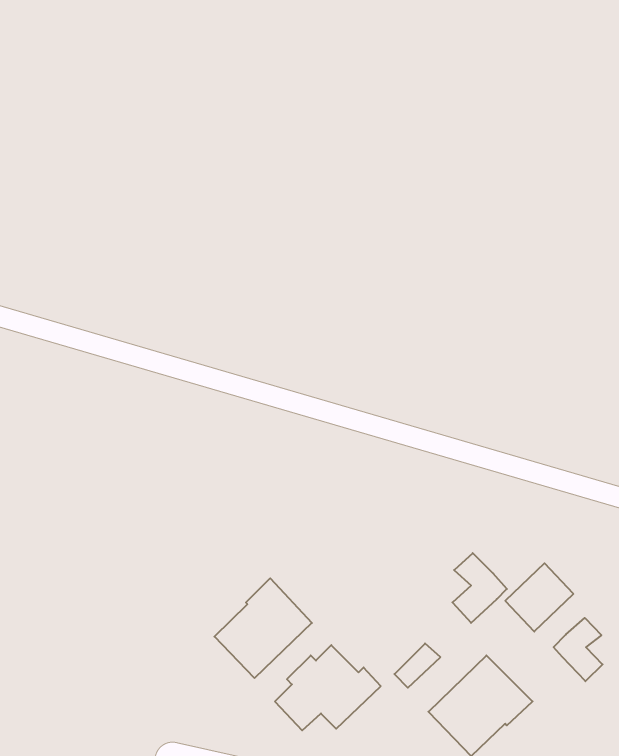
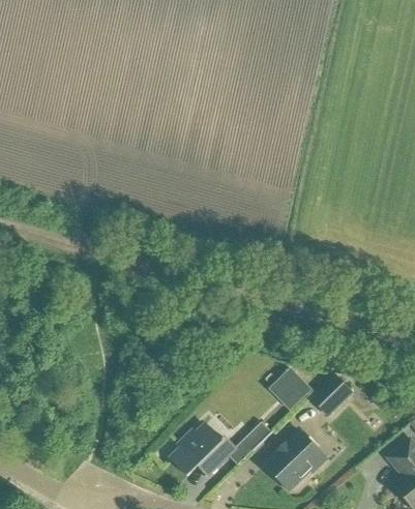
building: [214,578,312,678] -> none
building: [554,618,603,681] -> none

